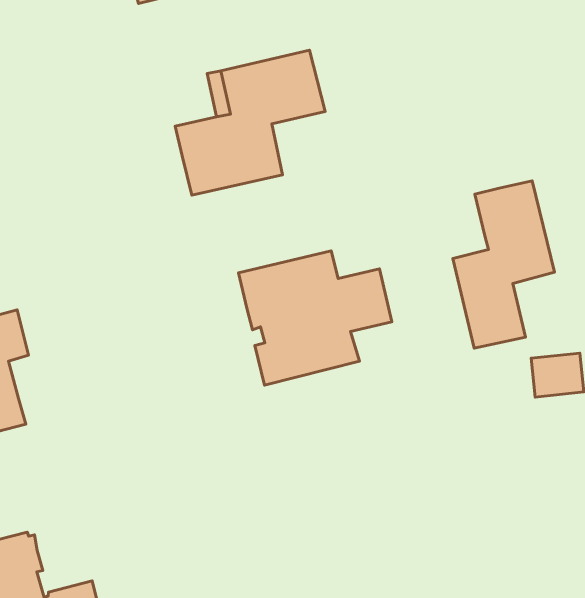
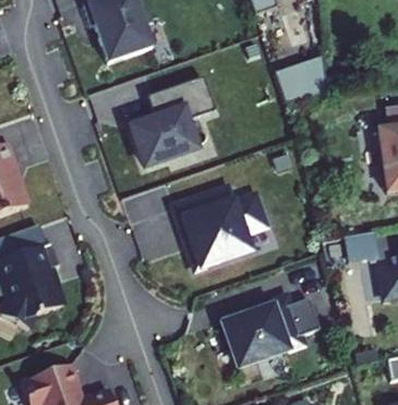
building: none -> [275,57,327,103]
building: [453,181,555,348] -> none
building: none -> [222,297,318,365]

